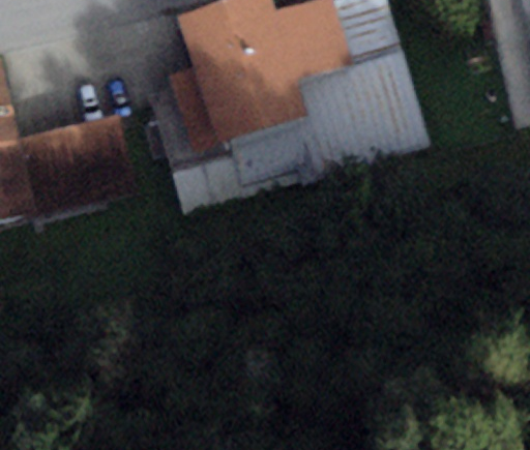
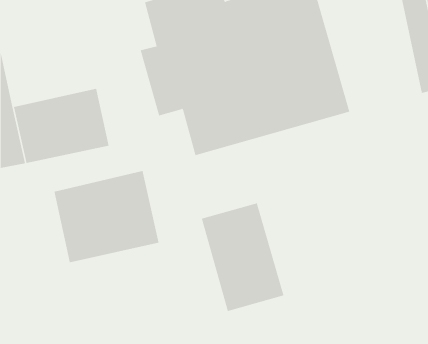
building: none -> [54,170,159,263]
building: none -> [201,203,284,312]

